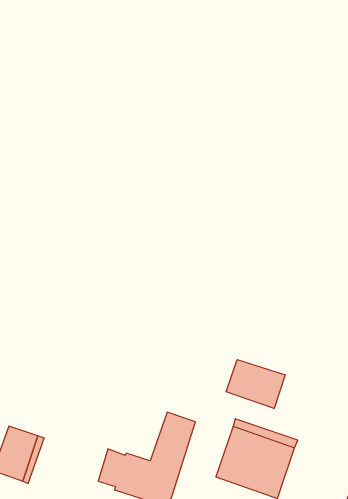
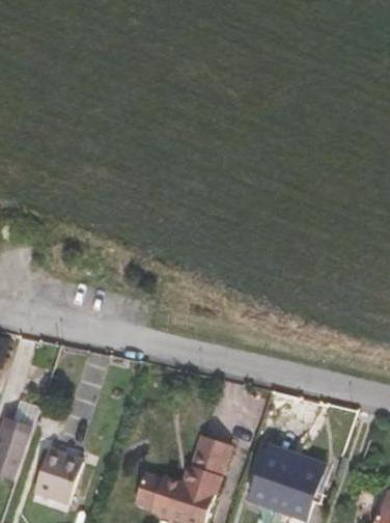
building: [226,360,285,409] -> none

